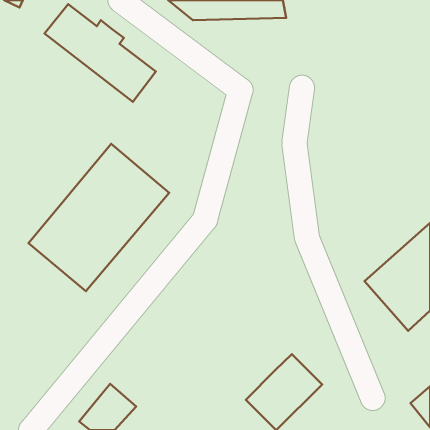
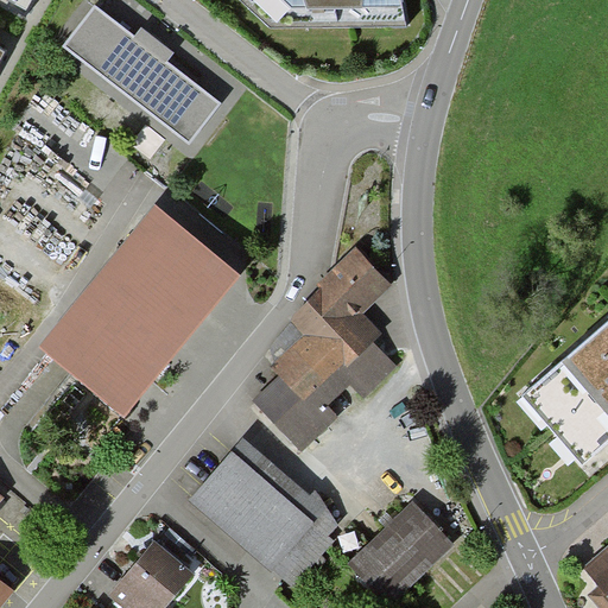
building: none -> [253,248,393,451]
building: none -> [191,438,338,588]

